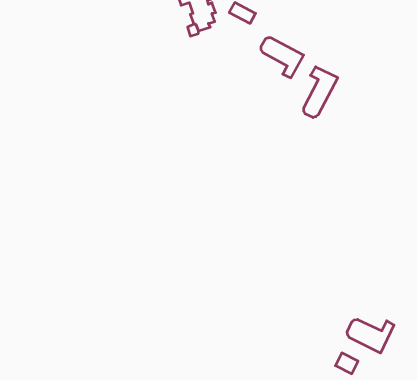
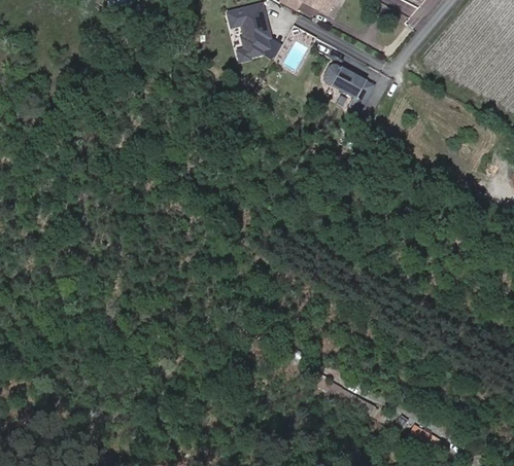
building: [304,67,338,118] -> none
building: [347,319,394,353] -> none

